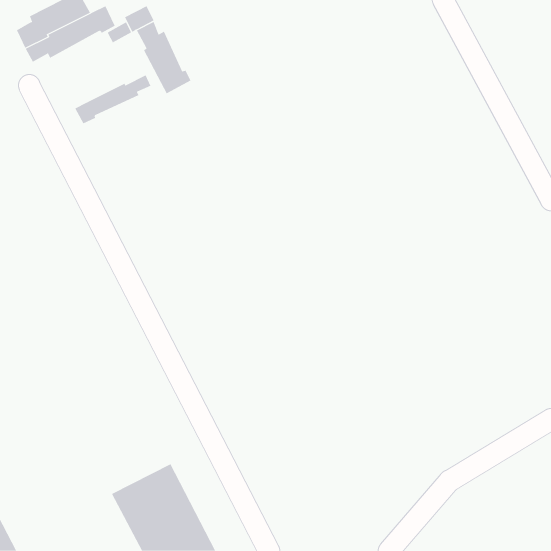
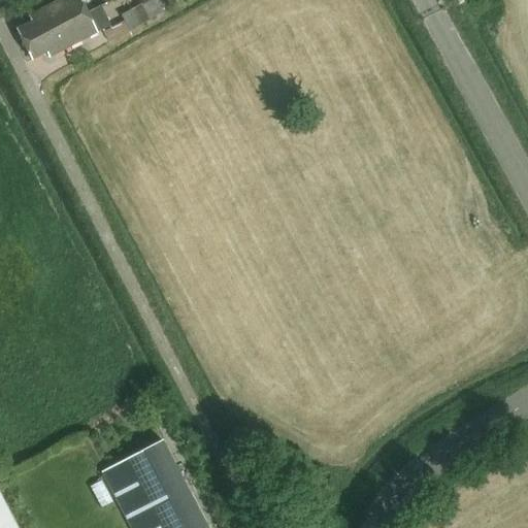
building: [136,21,191,94] -> none
building: [75,75,151,124] -> none

